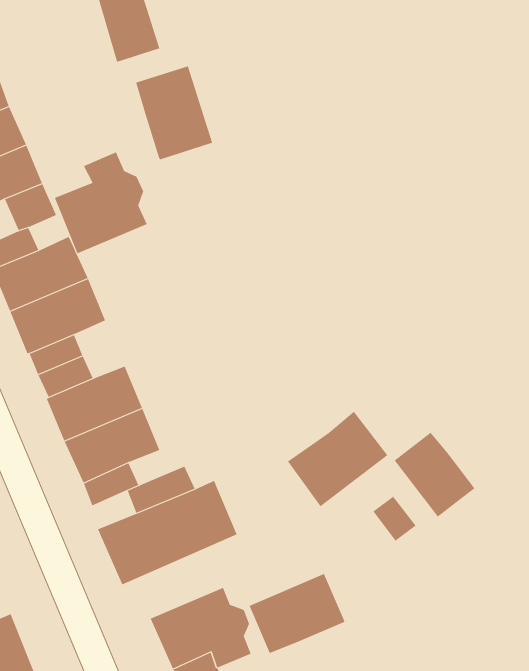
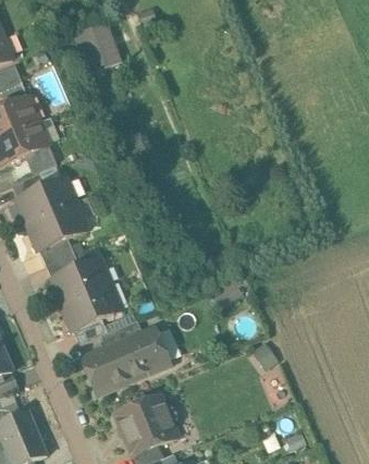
building: [136,65,213,160] -> none
building: [54,151,147,254] -> none
building: [287,411,388,507] -> none
building: [394,432,474,518] -> none
building: [249,573,345,654] -> none

